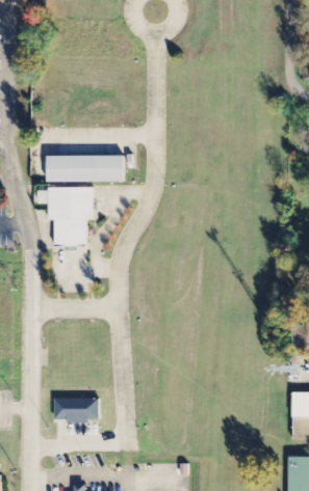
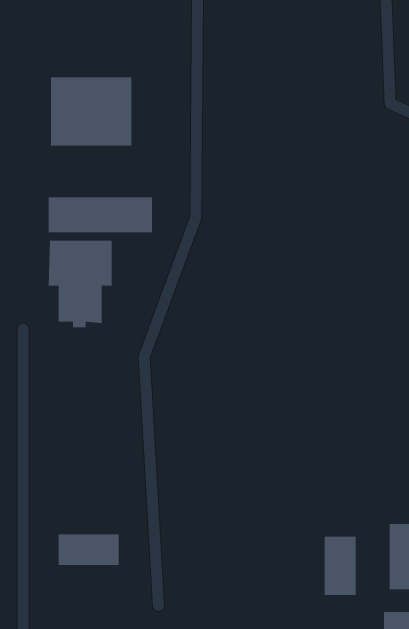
building: none -> [51,76,132,147]
building: none -> [324,536,356,596]

